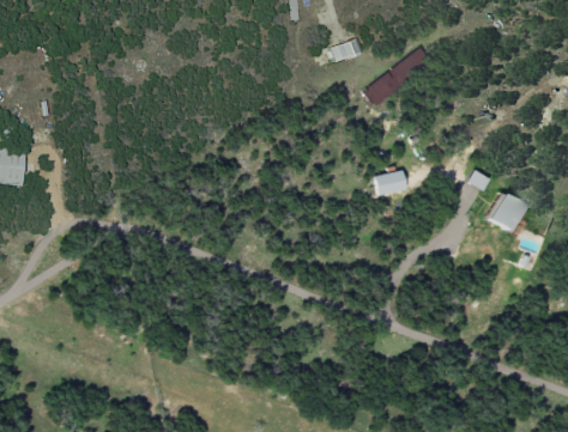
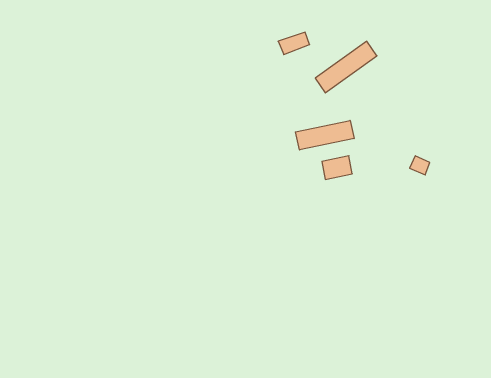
building: none -> [295,120,354,150]
building: [488,194,525,232] -> none

